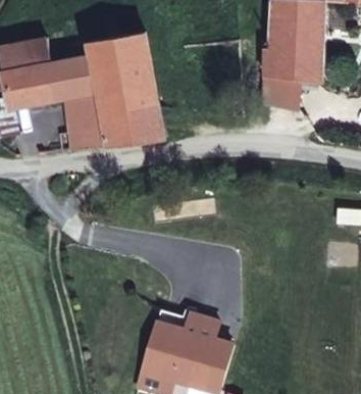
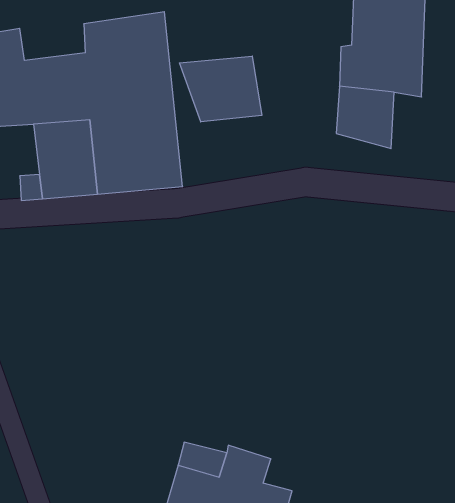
building: none -> [179,56,262,122]

